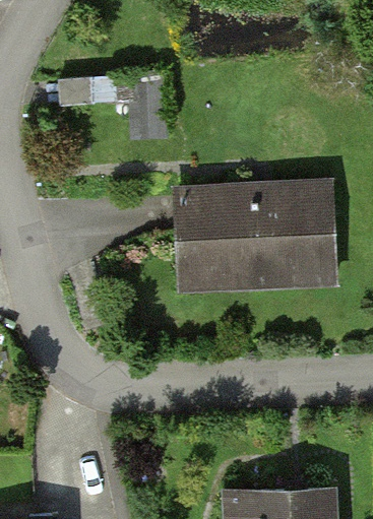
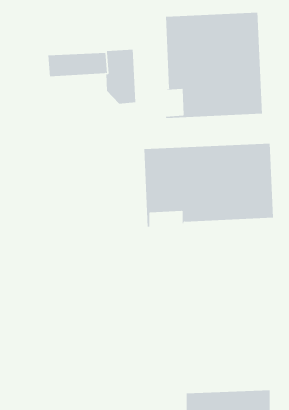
building: none -> [165,12,262,119]

